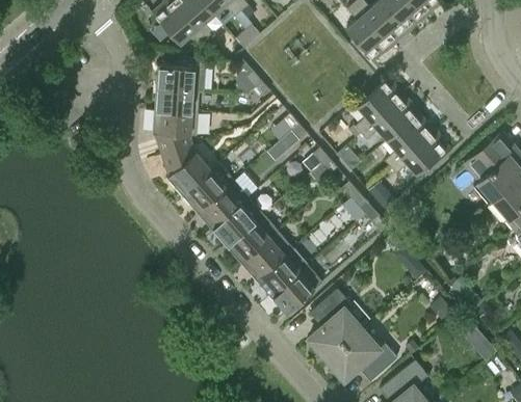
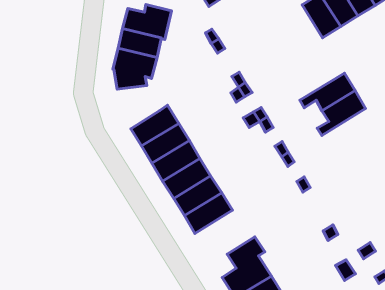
building: [347,79,403,138] -> none
building: [390,131,448,176] -> none
building: [160,145,210,195] -> none
building: [270,265,321,314] -> none

